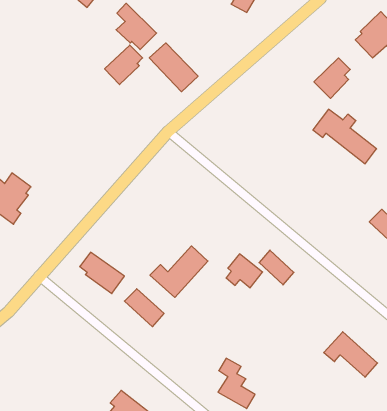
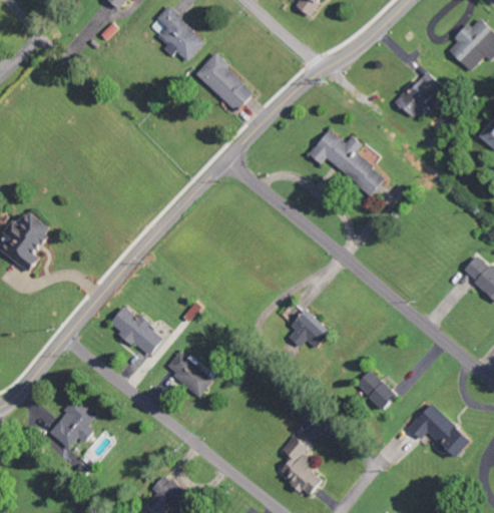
building: [105,45,143,85] -> none
building: [313,109,377,164] -> [309,129,386,195]
building: [150,246,208,297] -> none
building: [259,250,294,285] -> [357,369,399,411]
building: none -> [48,398,96,448]

